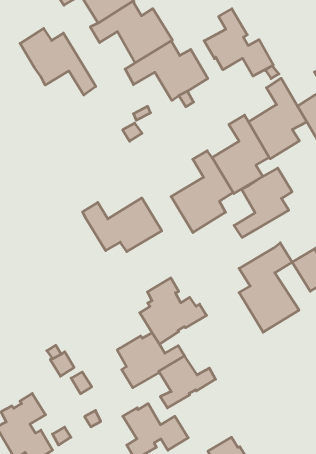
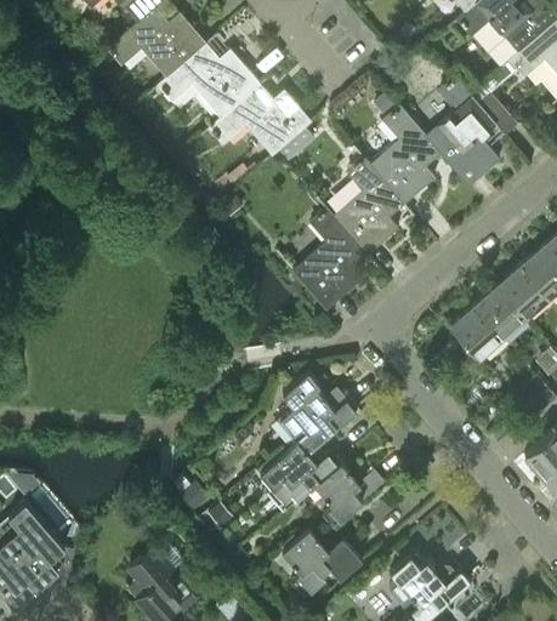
building: [204,9,273,76] -> none
building: [20,28,96,95] -> none
building: [234,168,292,237] -> none
building: [83,198,162,252] -> none
building: [239,243,299,332] -> none

